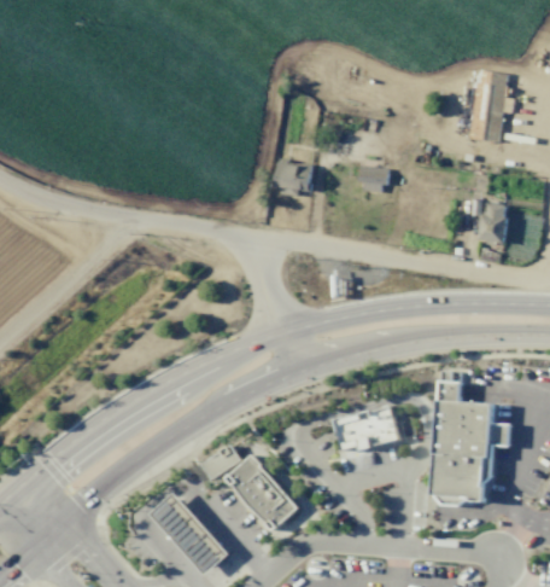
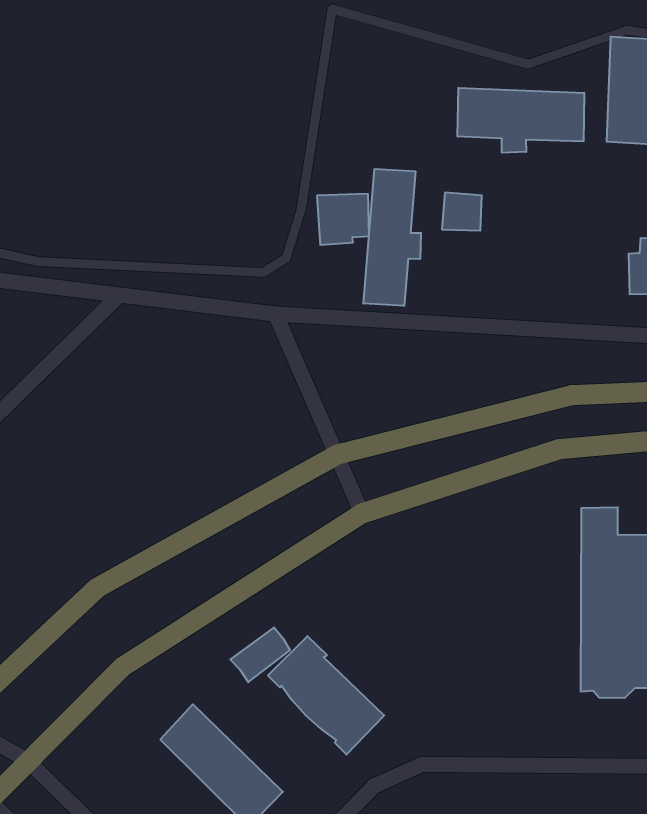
building: none -> [458,88,584,153]
building: none -> [363,169,421,306]
building: [335,406,400,452] -> none

